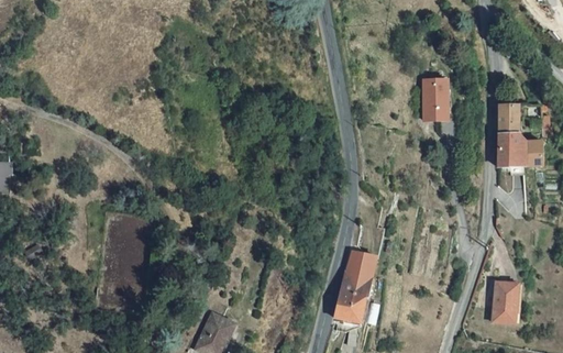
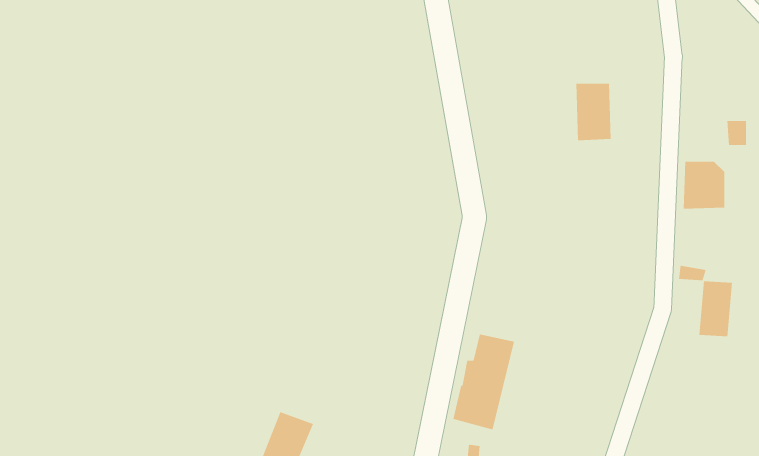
building: [497,107,518,134] -> none
building: [526,141,543,167] -> none
building: [494,282,518,321] -> [699,281,733,337]

